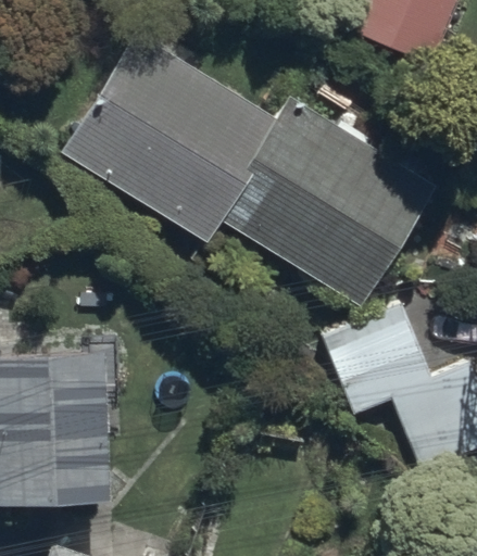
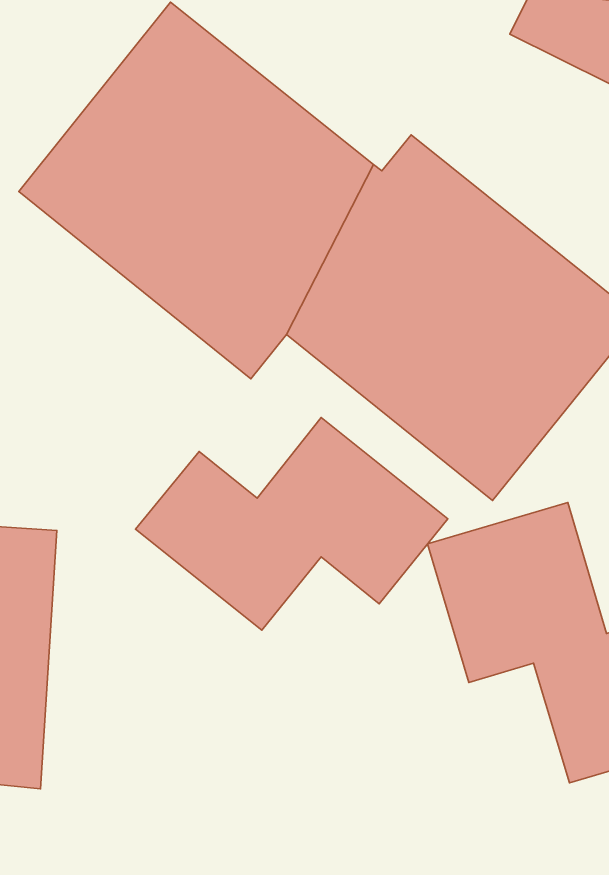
building: none -> [136,418,448,630]

